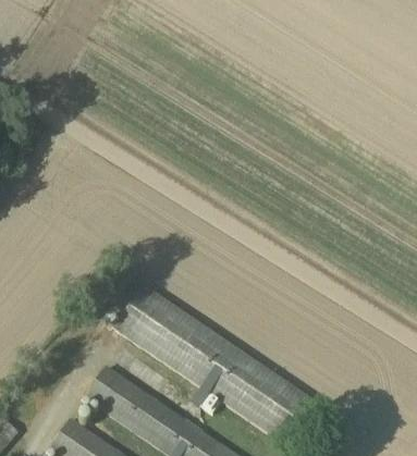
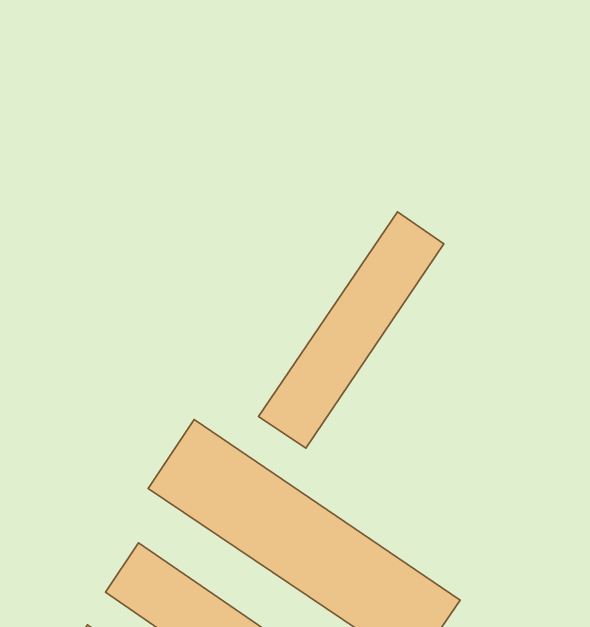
building: none -> [259,212,444,448]

